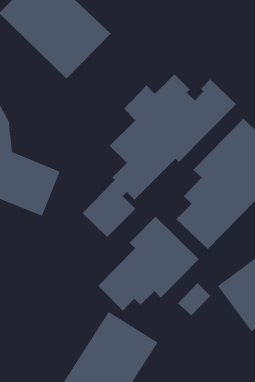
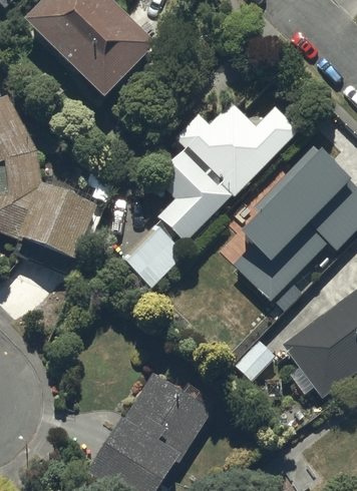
building: [98,216,200,311] -> none

